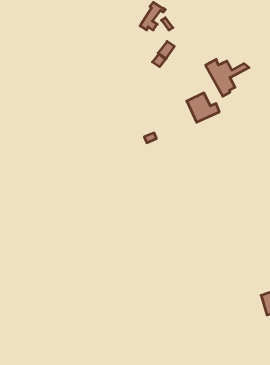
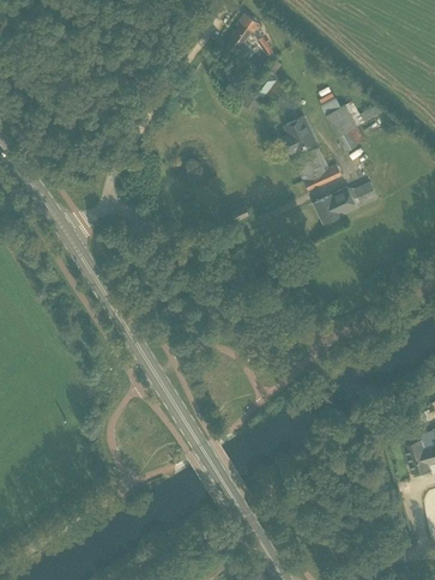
building: none -> [283,116,316,153]
building: none -> [314,181,377,223]

